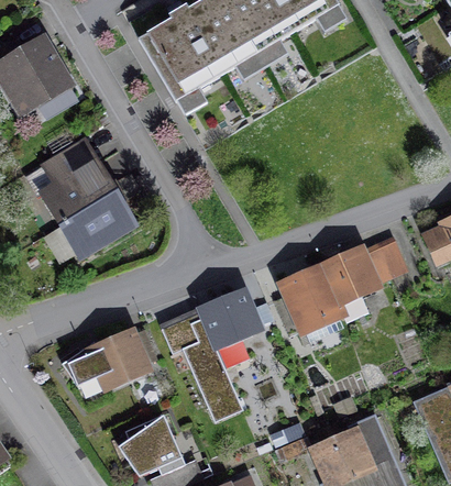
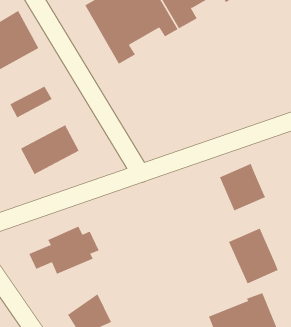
building: [36,157,114,223] -> none
building: [366,240,410,285] -> none
building: [276,262,343,336] -> [228,228,278,284]
building: [163,286,261,422] -> none

